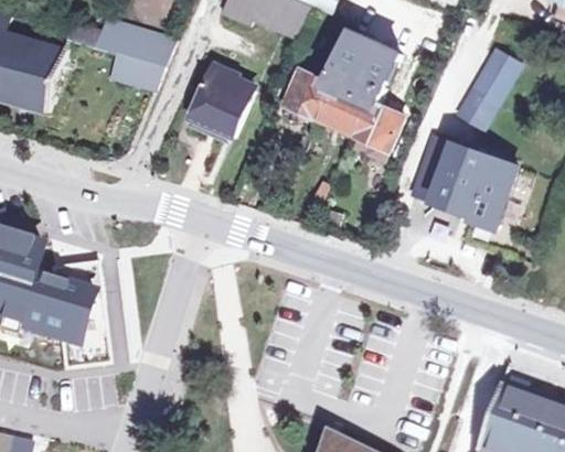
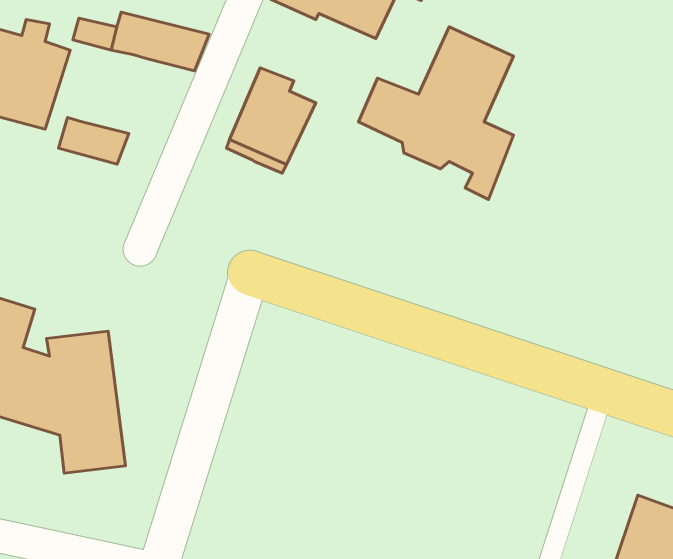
building: [455,49,516,126] -> none
building: [109,53,162,88] -> [59,117,129,164]
building: [412,136,516,228] -> none

